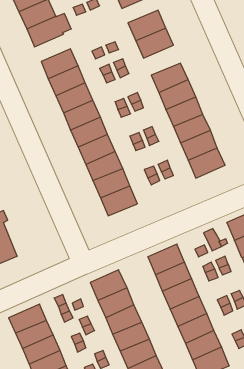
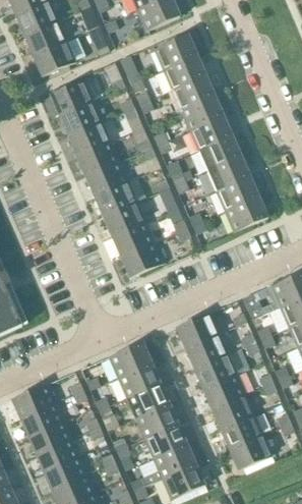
building: none -> [171,74,215,110]

